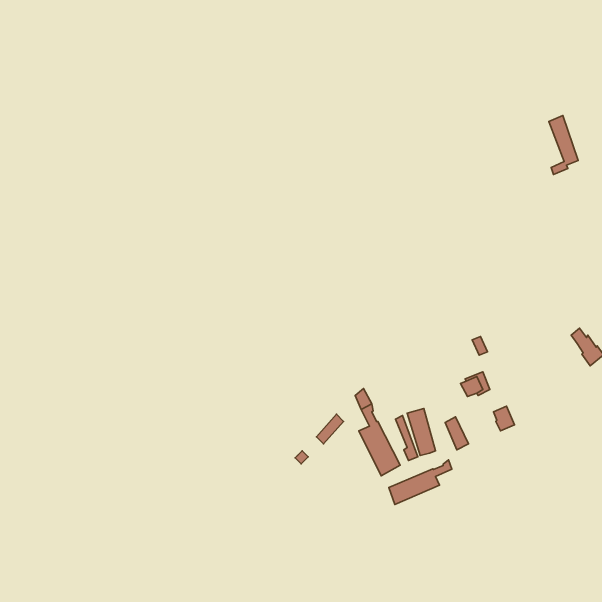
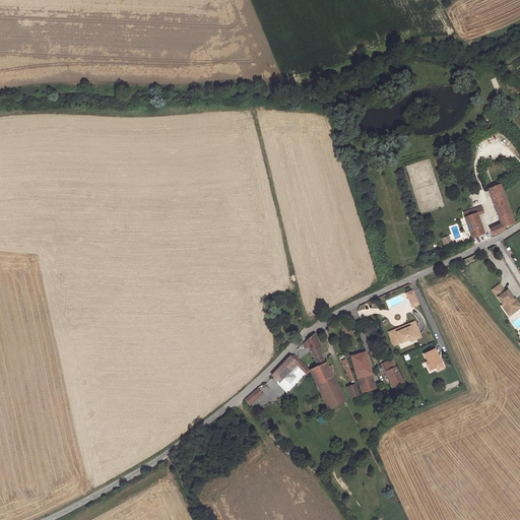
building: [549,116,578,175] -> [489,182,514,233]
building: none -> [463,203,484,236]
building: [389,460,452,504] -> none

